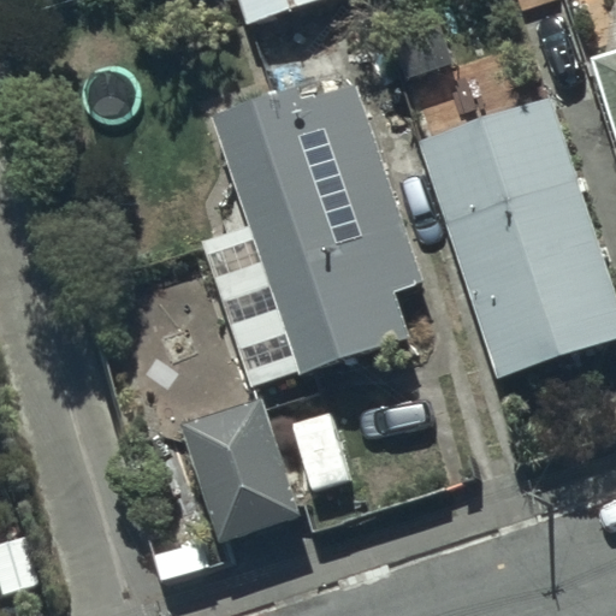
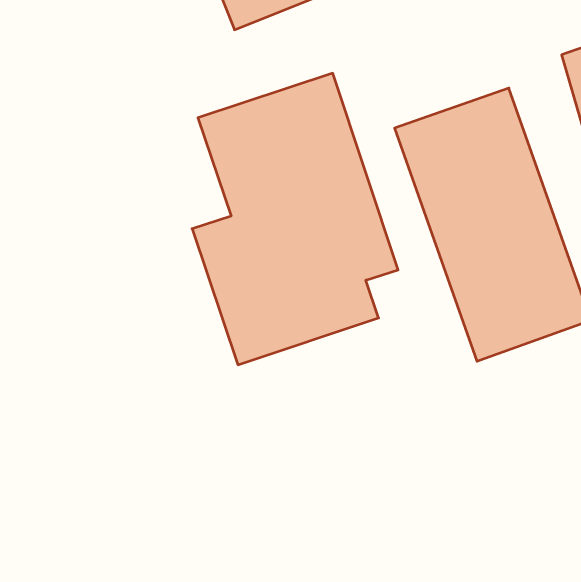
building: [173,392,303,546] -> none

